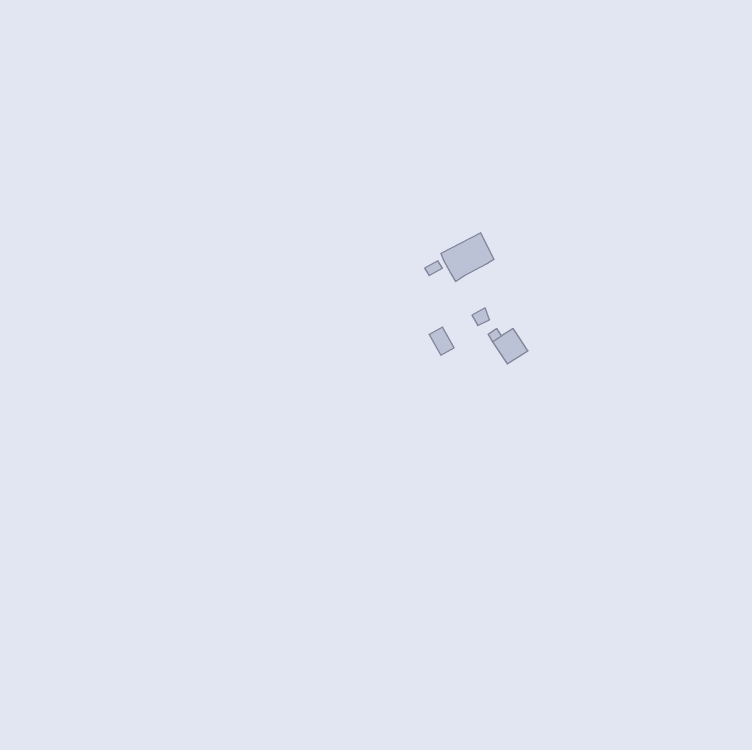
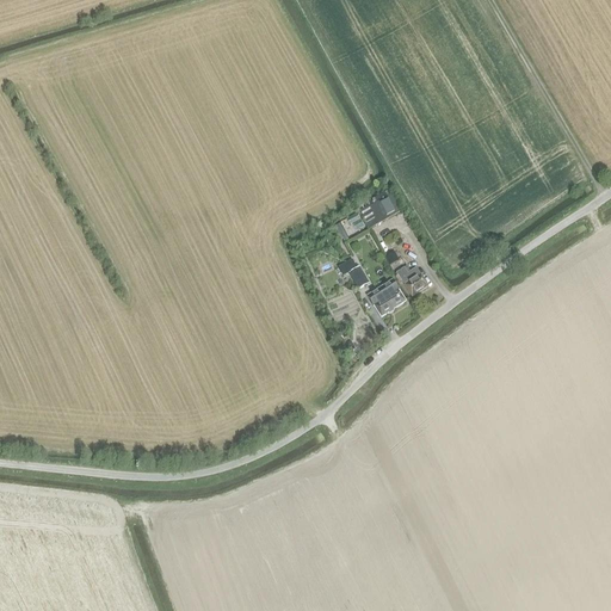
building: none -> [368,279,405,315]

